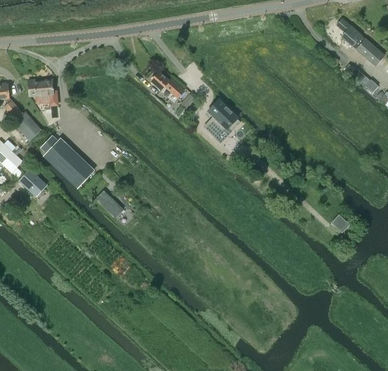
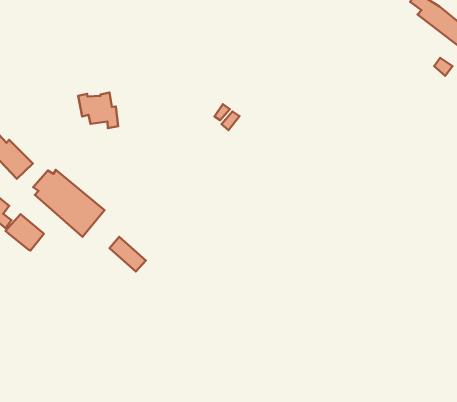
building: [150,70,185,98] -> none
building: [28,79,57,106] -> [78,93,118,128]
building: [203,100,241,139] -> none

